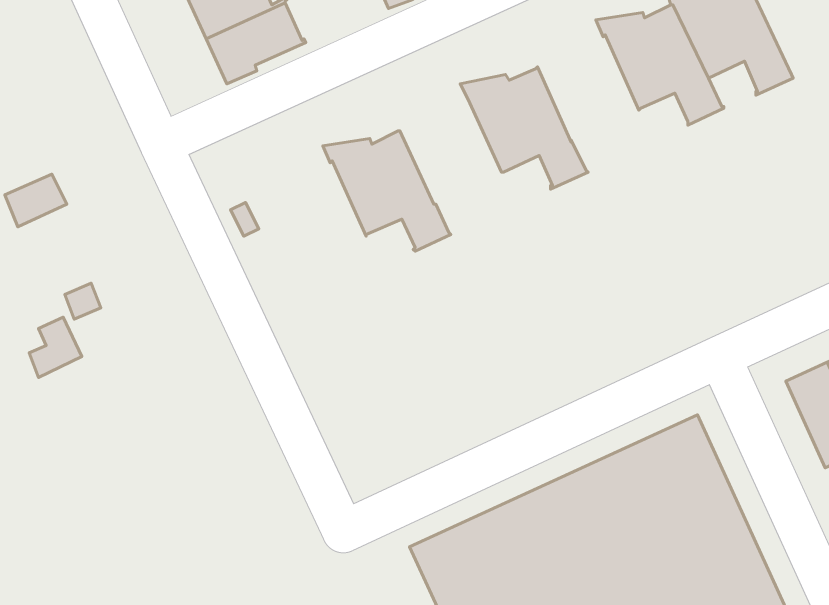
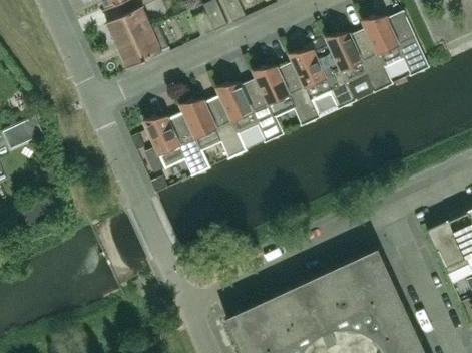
building: none -> [289,45,357,110]
building: none -> [215,79,284,143]
building: none -> [143,112,211,178]

